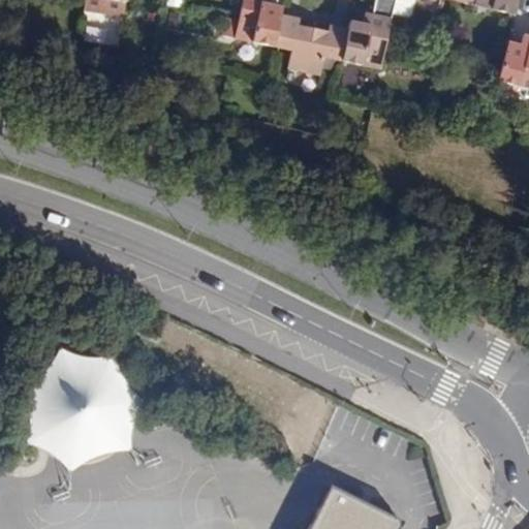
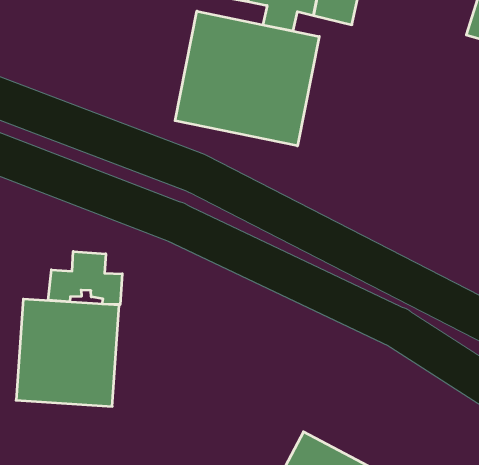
building: none -> [175,11,319,146]
building: none -> [48,251,122,305]

